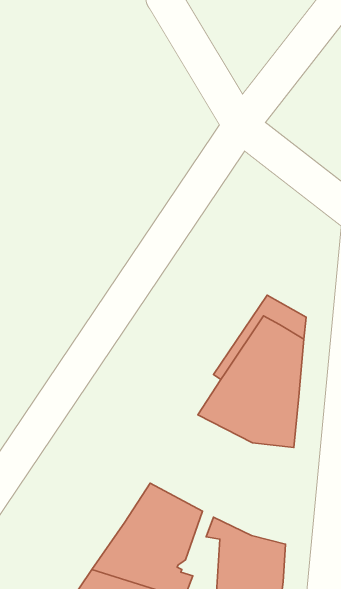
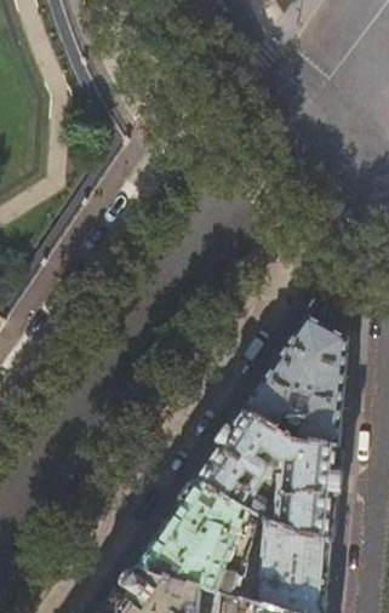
building: none -> [182,431,325,560]

